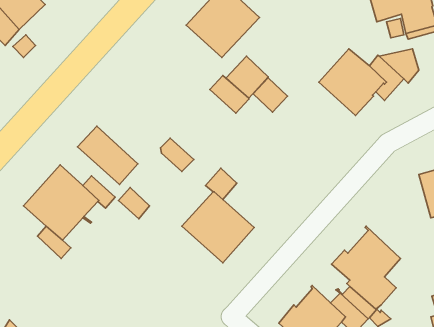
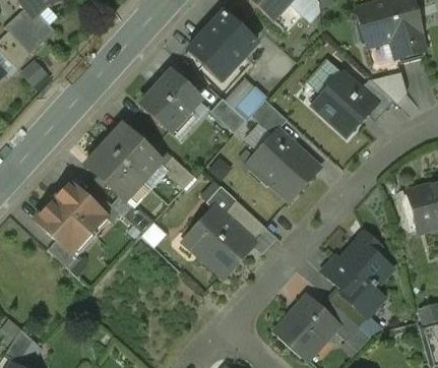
building: none -> [141,71,200,130]
building: none -> [104,124,161,180]
building: none -> [246,129,319,198]
building: none -> [223,198,265,240]

